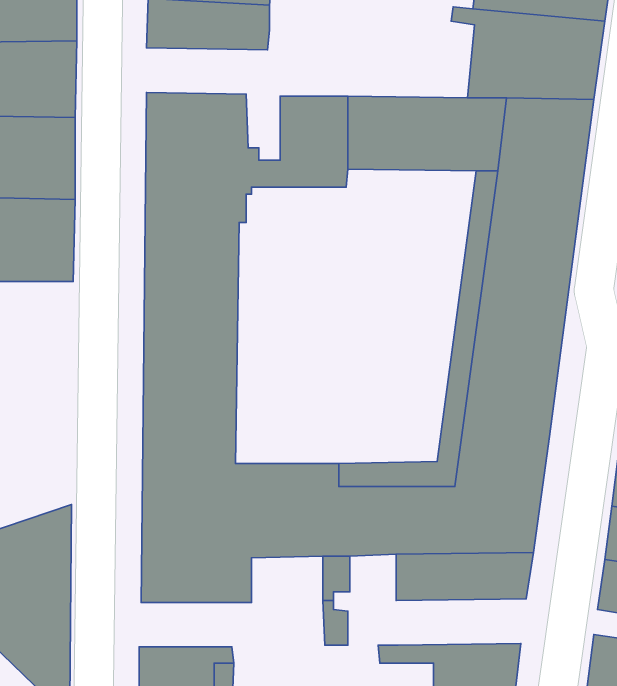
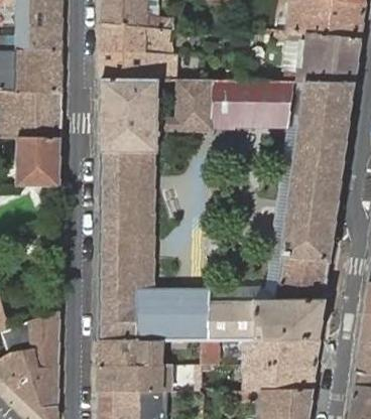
building: none -> [101,53,174,81]
building: none -> [242,365,316,391]
building: none -> [97,366,169,392]

